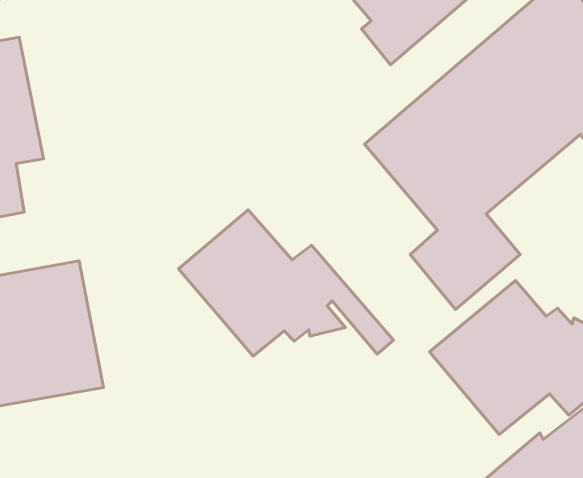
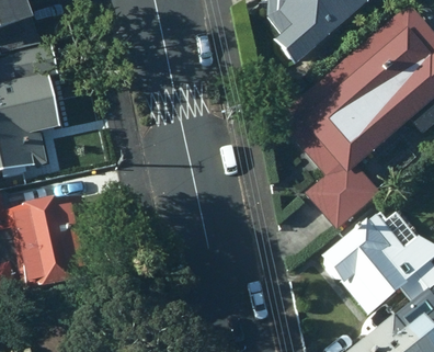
building: [178,210,394,356] -> none

